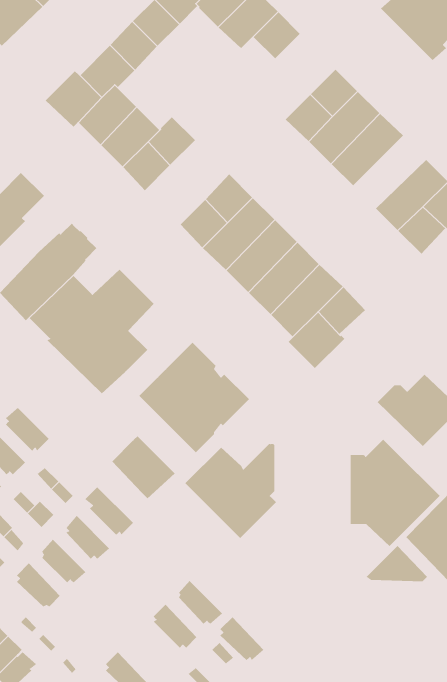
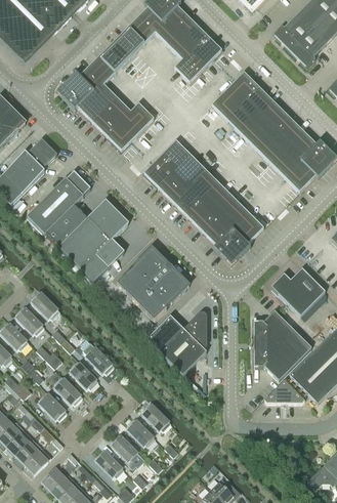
building: none -> [174,51,205,82]
building: none -> [255,115,302,162]
building: [111,435,175,499] -> none
building: [220,616,264,661] -> [111,432,139,461]

